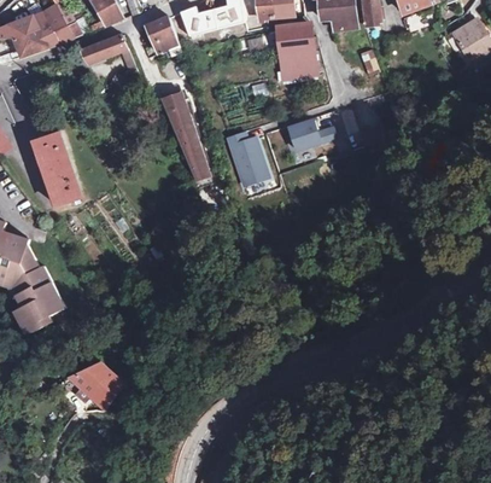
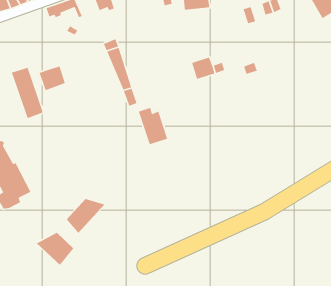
building: [276,50,315,80] -> none
building: none -> [39,66,66,91]
building: [224,130,267,184] -> [138,107,168,145]
building: none -> [66,198,105,234]

